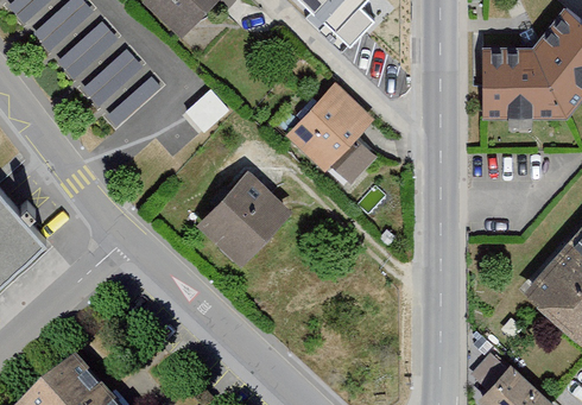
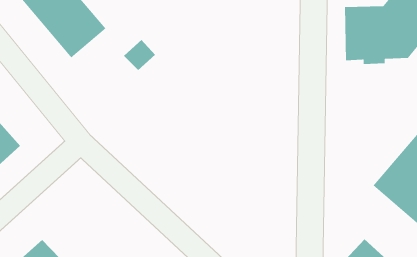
building: [285,87,377,190] -> none
building: [198,173,295,270] -> none

